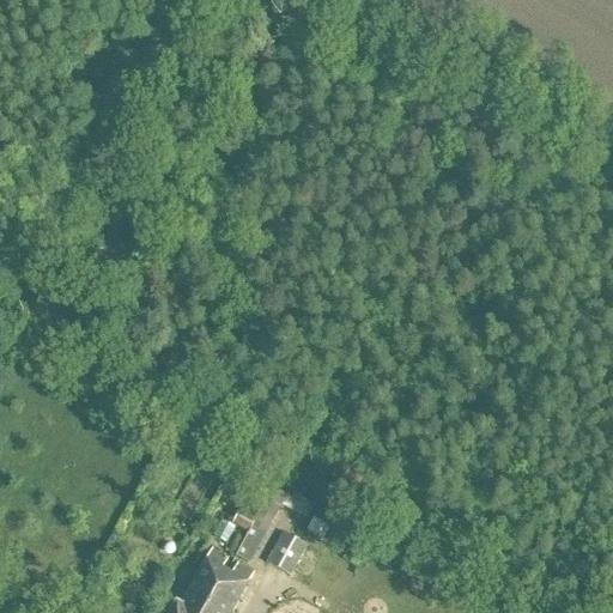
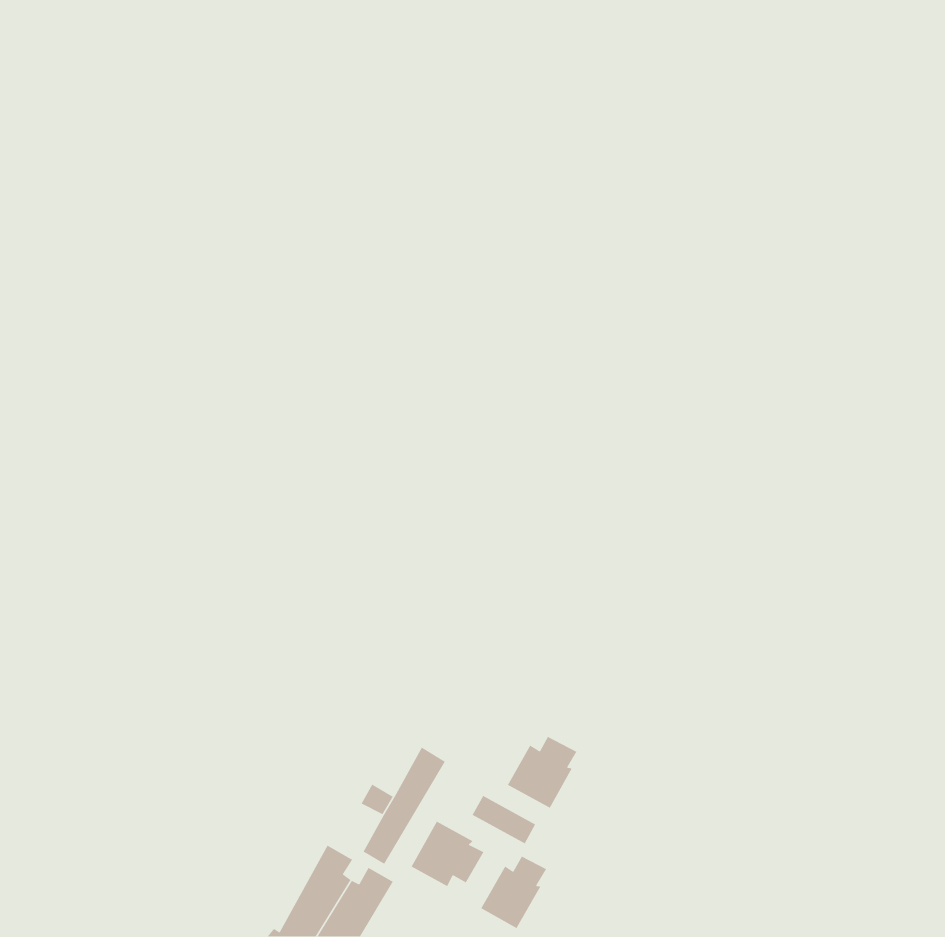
building: none -> [507,736,578,809]
building: none -> [480,855,547,929]

